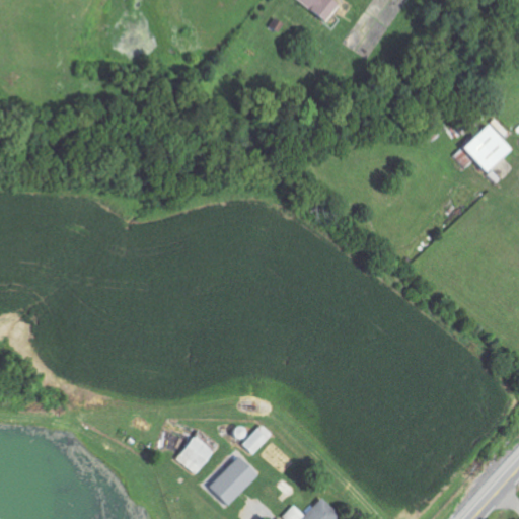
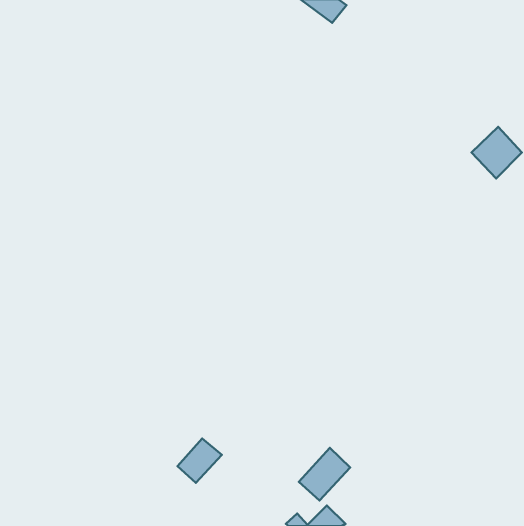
building: [241,424,271,454] -> none
building: [208,454,258,506] -> [299,448,350,501]

